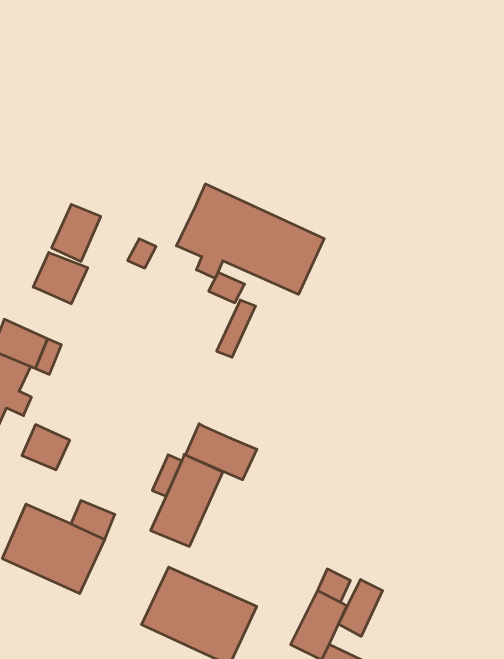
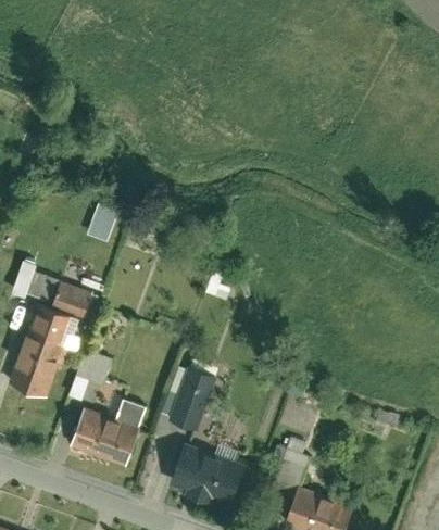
building: [176,184,324,294] -> none
building: [33,252,88,304] -> none
building: [186,424,257,480] -> none
building: [338,579,383,636] -> none

